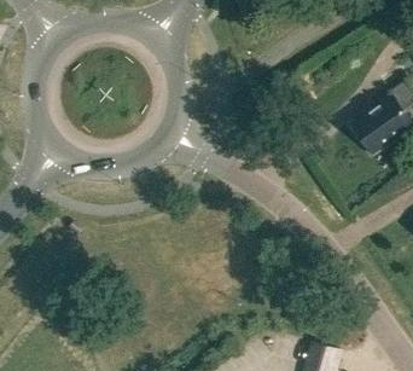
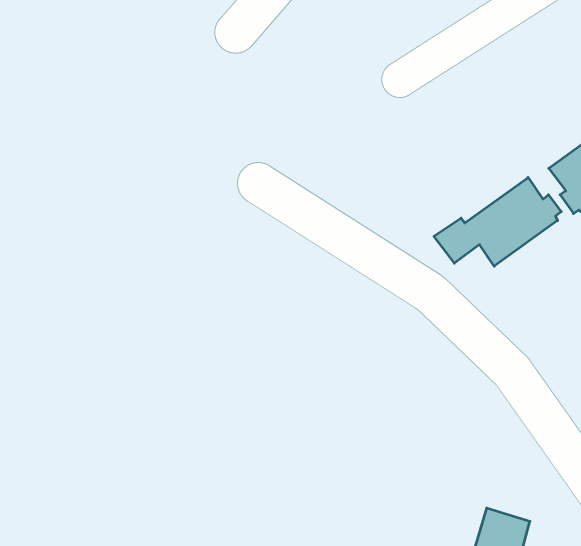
building: none -> [434,177,561,266]

